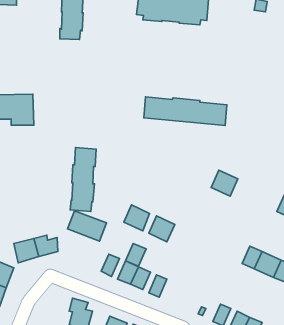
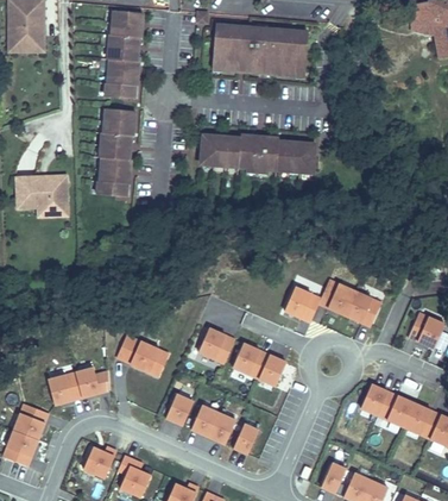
building: [144,97,227,126] -> [202,137,316,176]
building: [70,147,96,211] -> [101,109,137,198]
building: none -> [282,286,318,321]
building: none -> [342,290,379,326]
building: [125,244,146,266] -> [255,353,284,384]
building: none -> [86,446,118,480]

